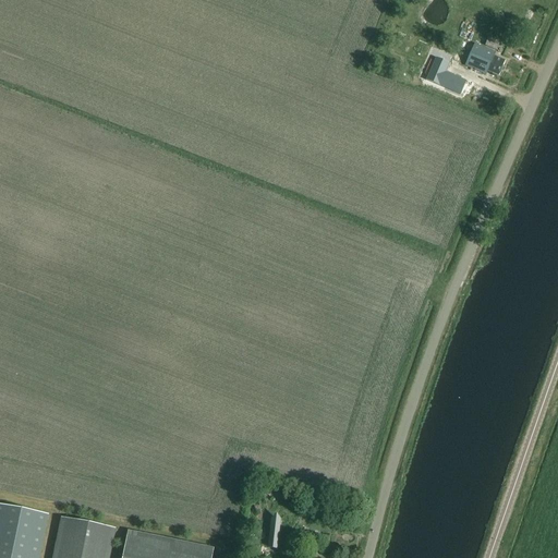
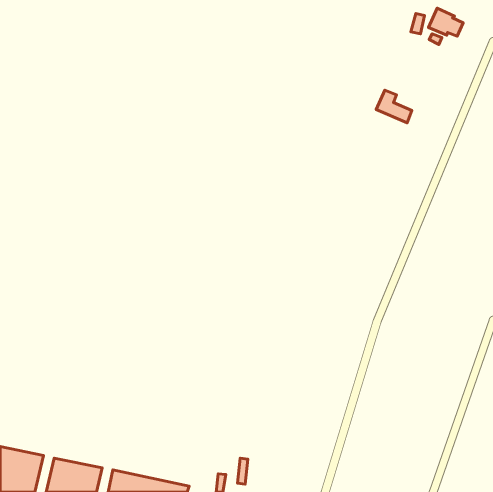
building: [465,44,505,75] -> [428,8,463,36]
building: [426,58,466,95] -> [376,90,412,123]

